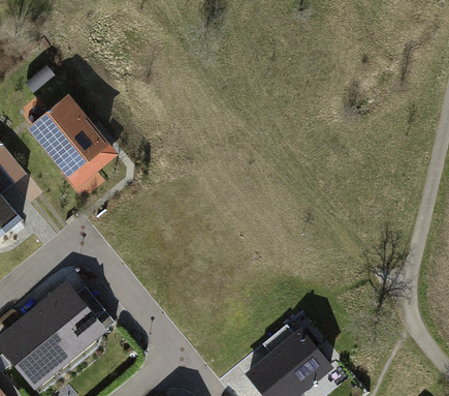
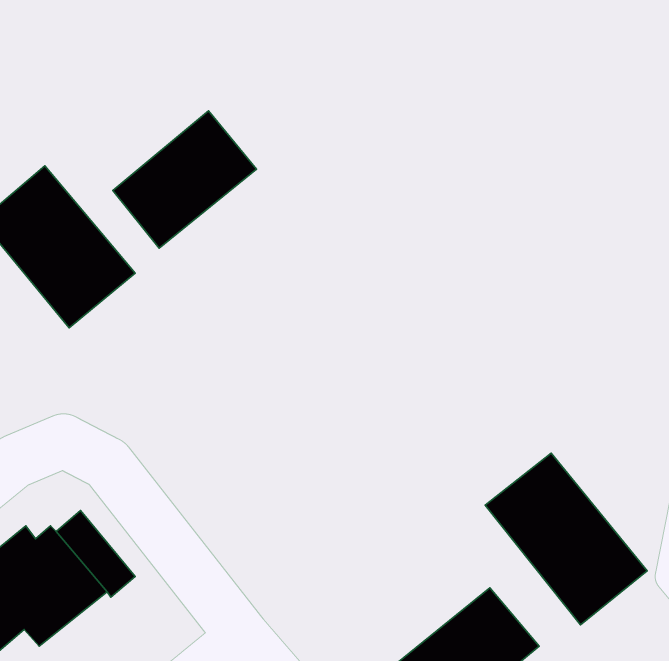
building: none -> [113,111,257,248]
building: none -> [485,453,647,625]

